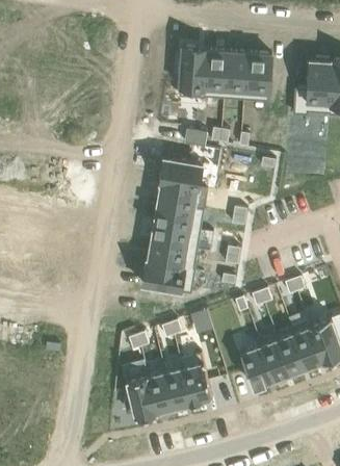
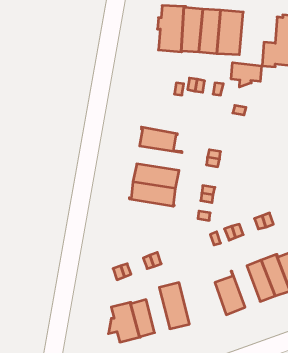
building: none -> [231,63,262,87]
building: [159,157,203,188] -> none
building: [154,202,204,229] -> none
building: [141,260,194,293] -> none
building: [259,334,290,380] -> none
building: [164,358,190,408] -> none

